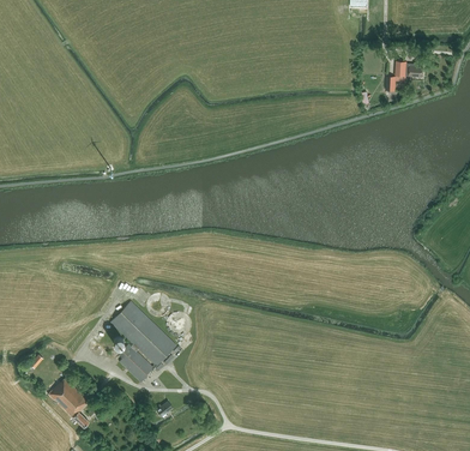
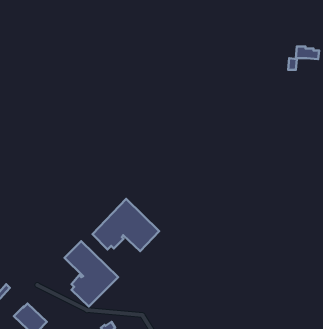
building: none -> [92,199,159,251]

